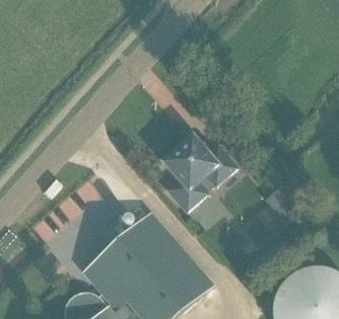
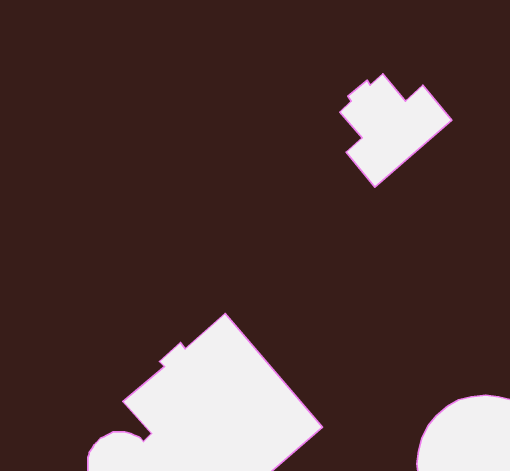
building: [164,139,235,211] -> [340,74,452,187]

